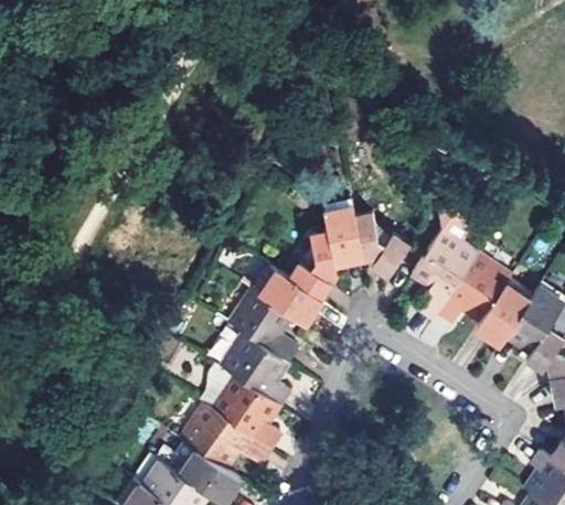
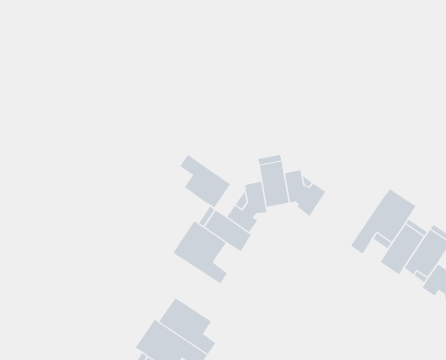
building: none -> [179,154,231,209]
building: [416,211,481,321] -> none
building: [213,333,282,408] -> none

